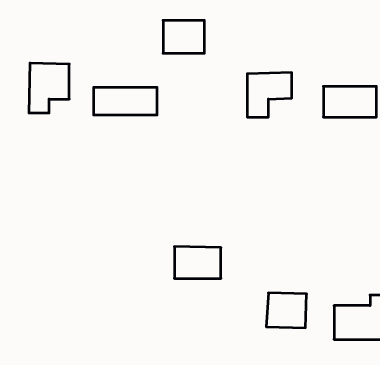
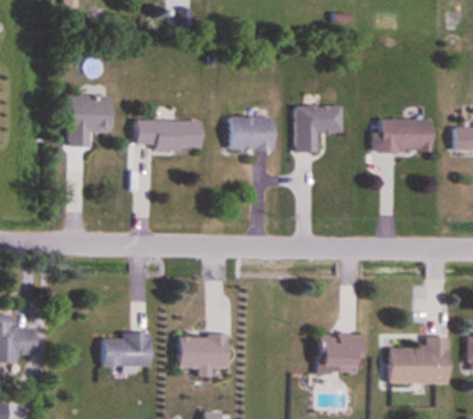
building: [163,20,204,53] -> [230,115,273,149]
building: [174,247,221,278] -> [178,335,227,368]
building: none -> [103,333,148,366]

